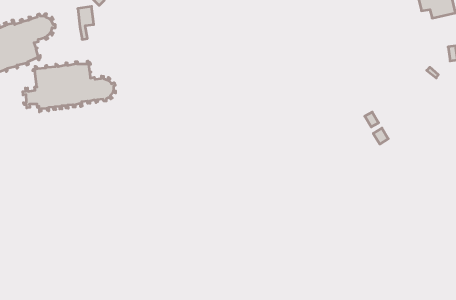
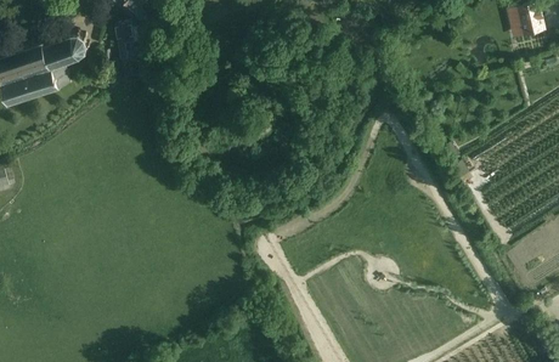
building: [23,61,116,112] -> none

